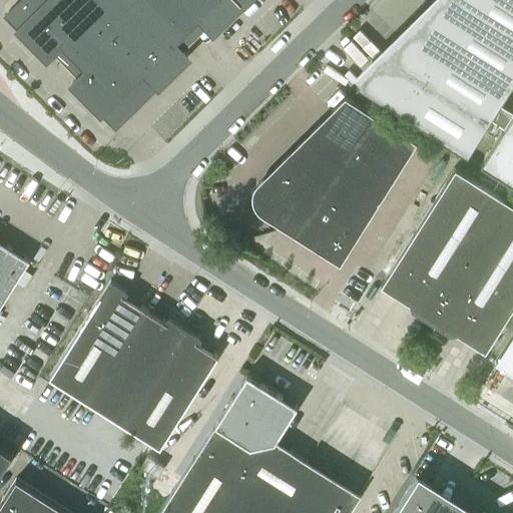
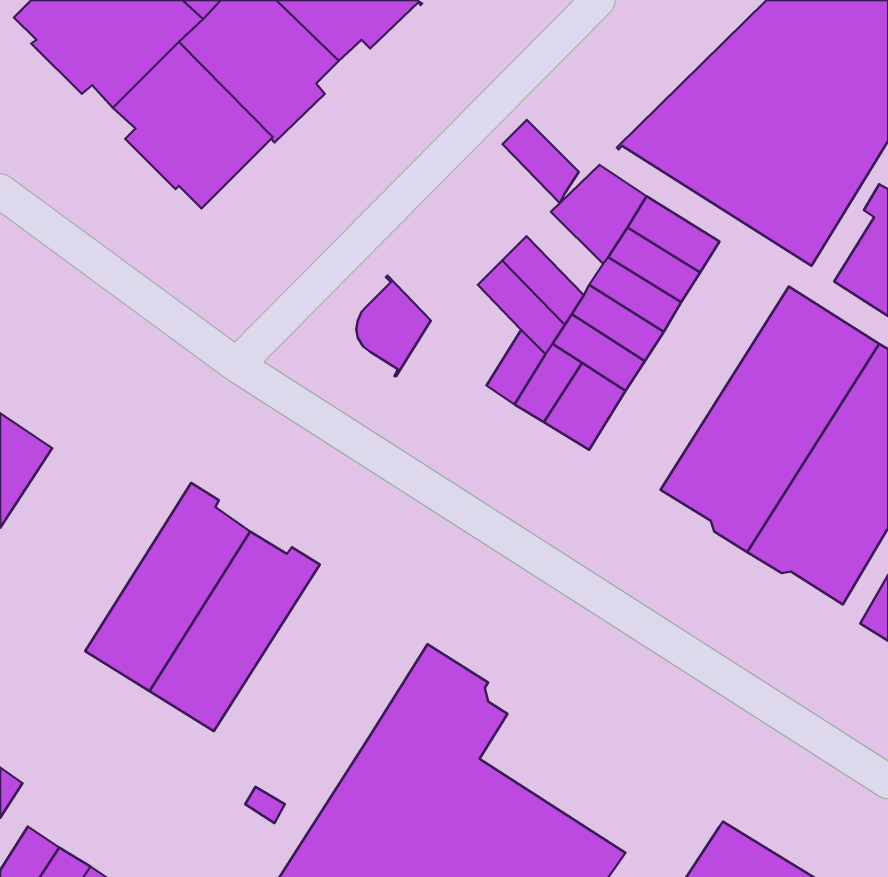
building: [304,128,348,176] -> [502,120,579,203]
building: [258,170,301,228] -> [356,275,431,376]
building: [123,332,218,452] -> none

